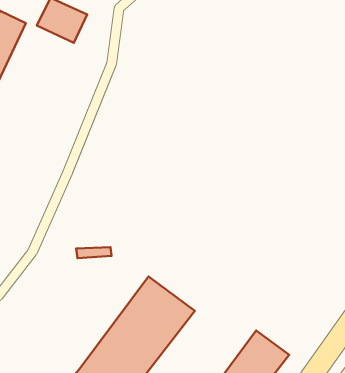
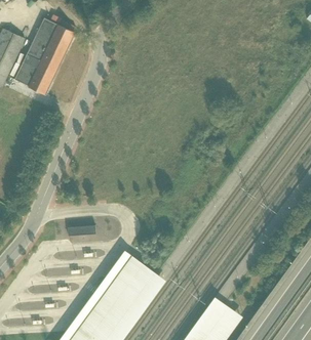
building: none -> [14,41,64,94]

